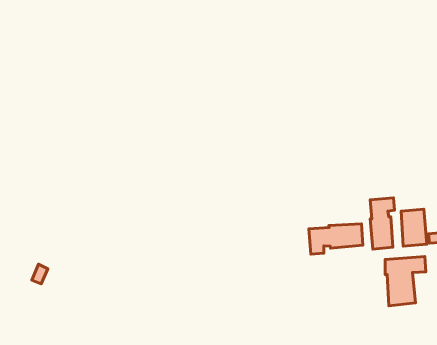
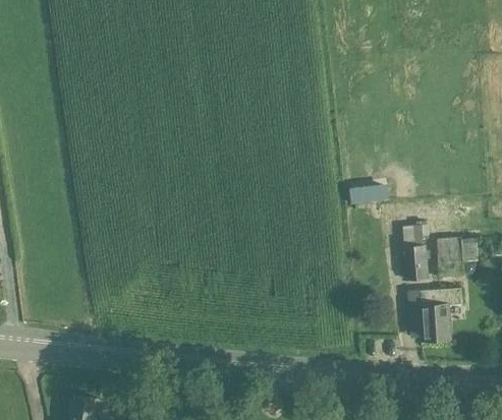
building: none -> [349,181,388,202]
building: [309,224,363,254] -> none

